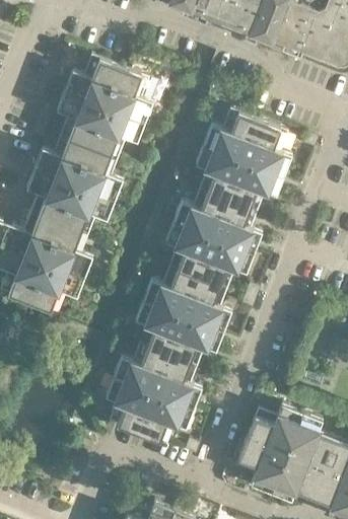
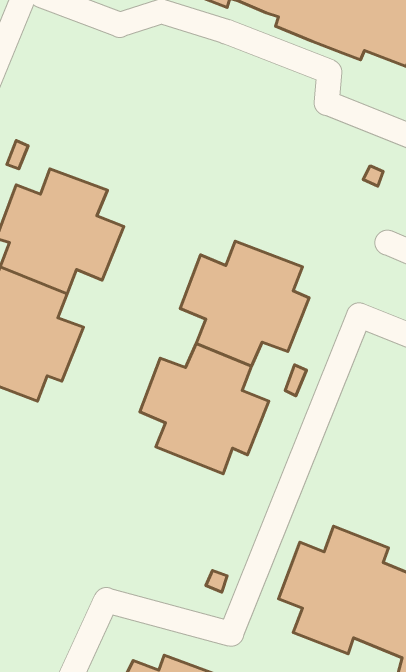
building: [56,56,152,153] -> none
building: [194,109,291,211] -> none
building: [105,347,201,444] -> none

